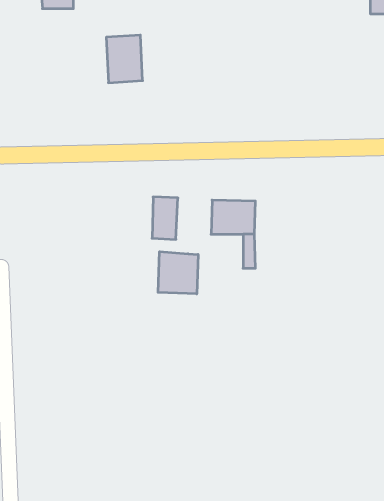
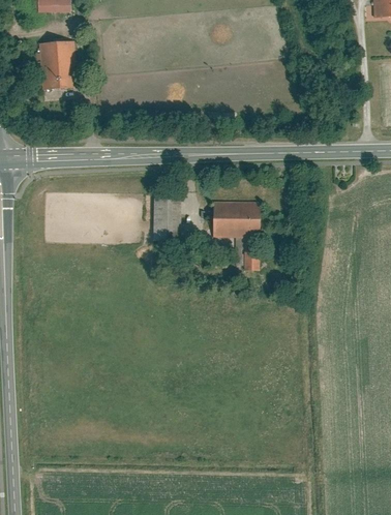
building: [106,35,143,83] -> [42,40,79,88]
building: [158,252,198,294] -> none

